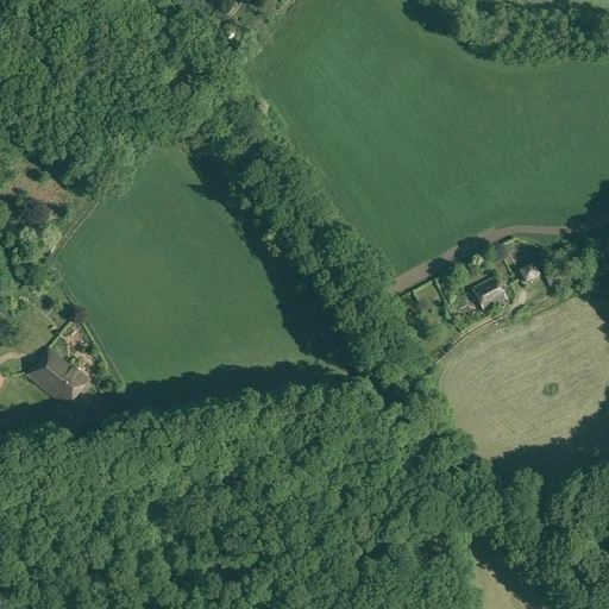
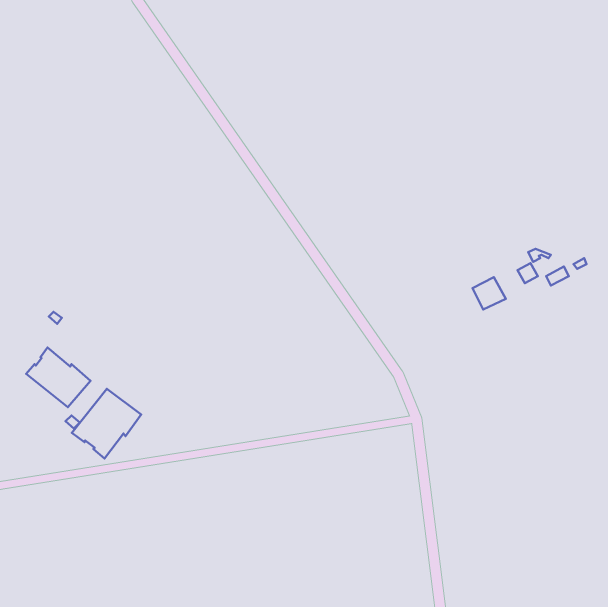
building: none -> [72,389,141,458]

